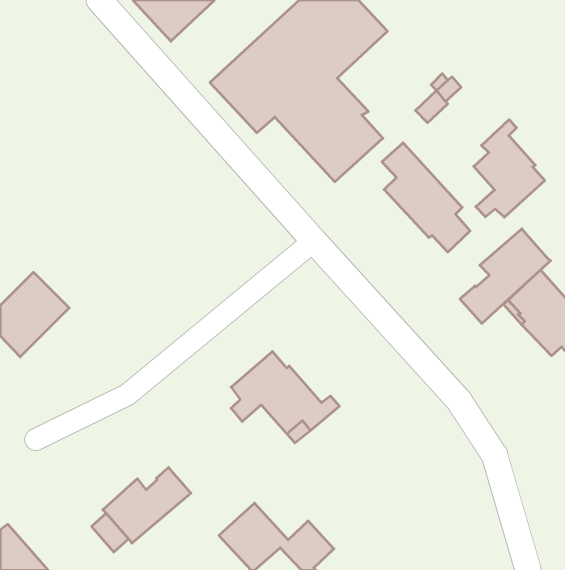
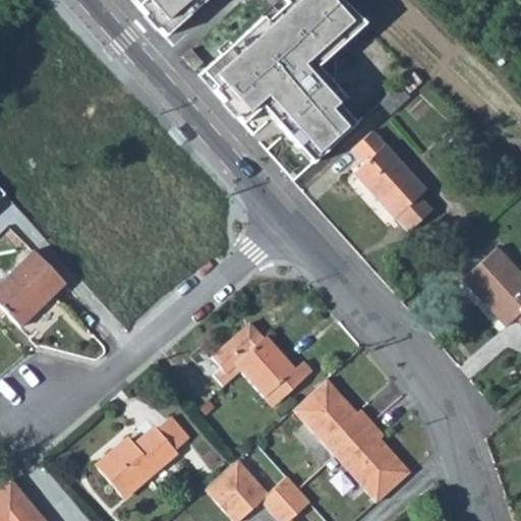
building: [474,120,545,217] -> none
building: [460,229,551,323] -> none
building: none -> [293,379,410,501]

